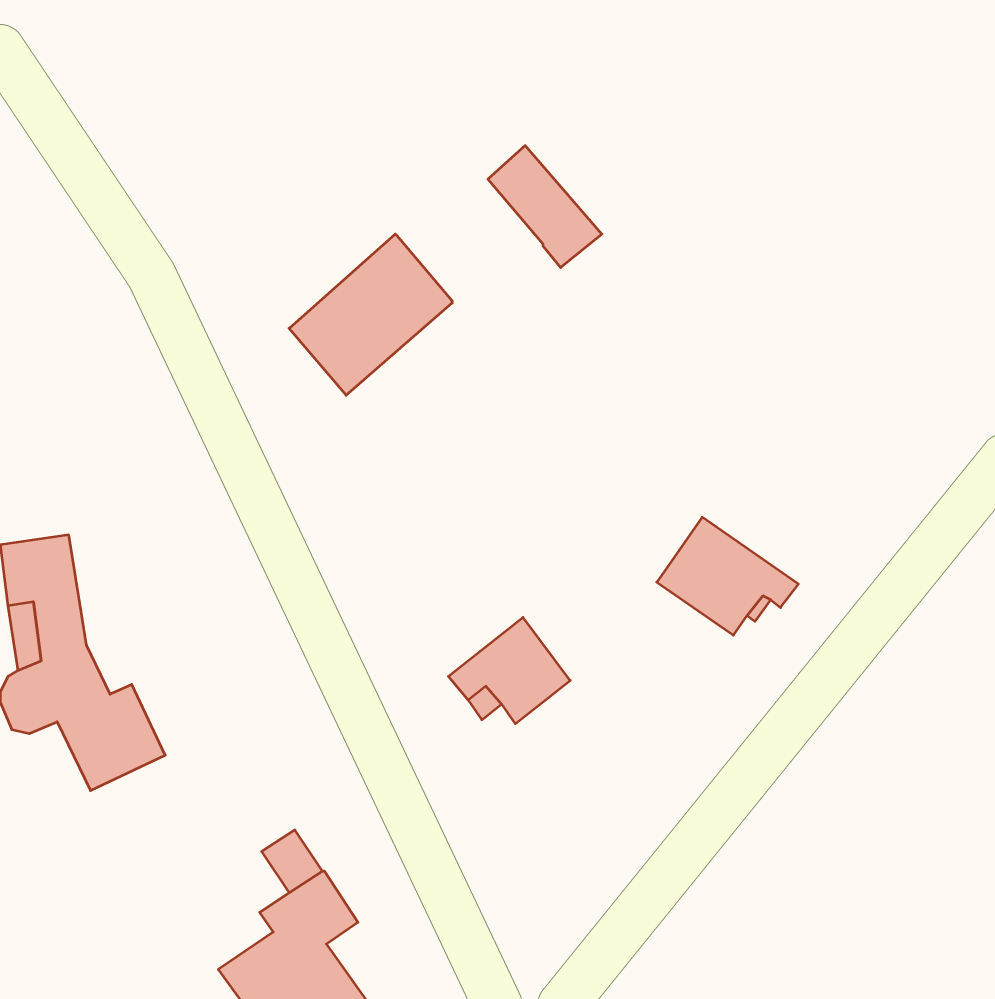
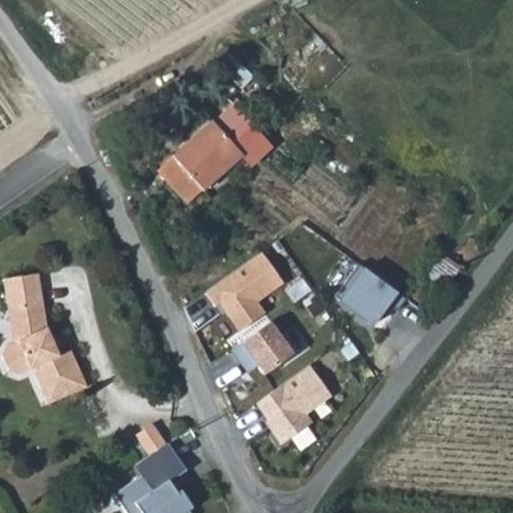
building: [488,146,602,268] -> [207,106,266,168]
building: none -> [207,248,286,329]
building: none -> [259,362,333,442]

